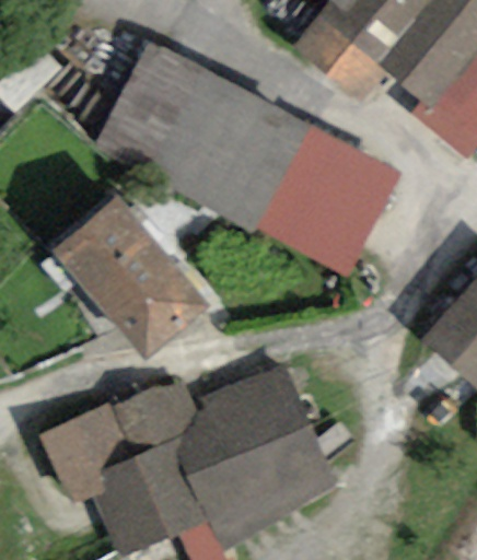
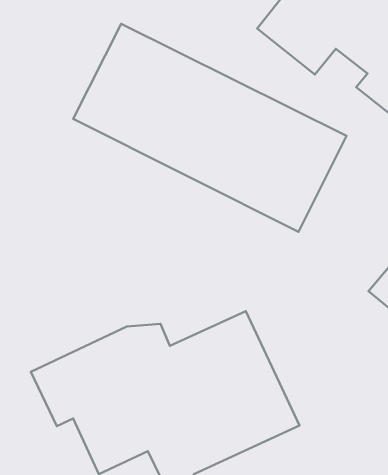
building: [50,194,205,353] -> none

